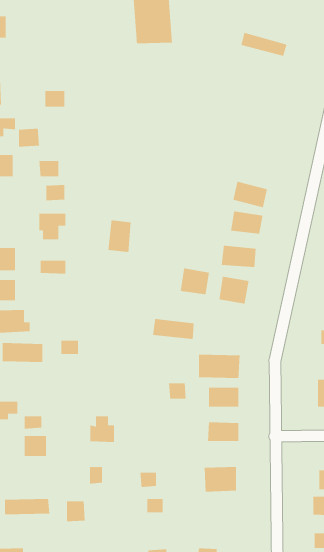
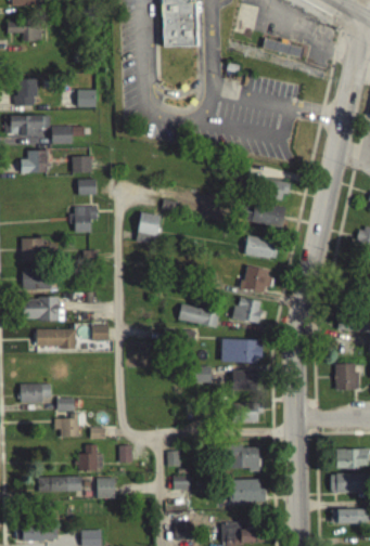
building: [180,268,210,295] -> [234,297,263,323]
building: [89,415,115,443] -> [79,444,103,470]
building: none -> [226,479,266,504]

